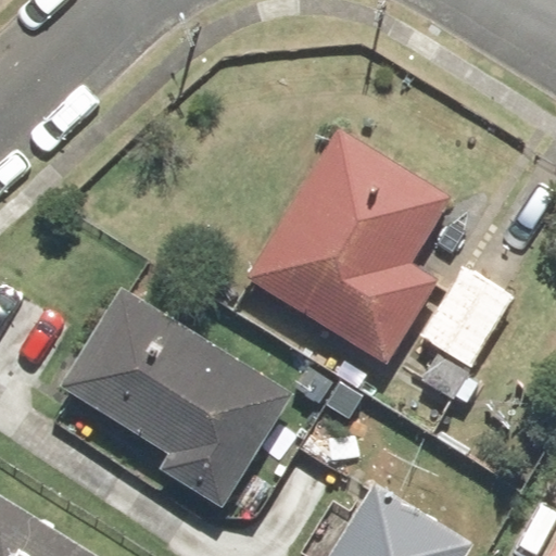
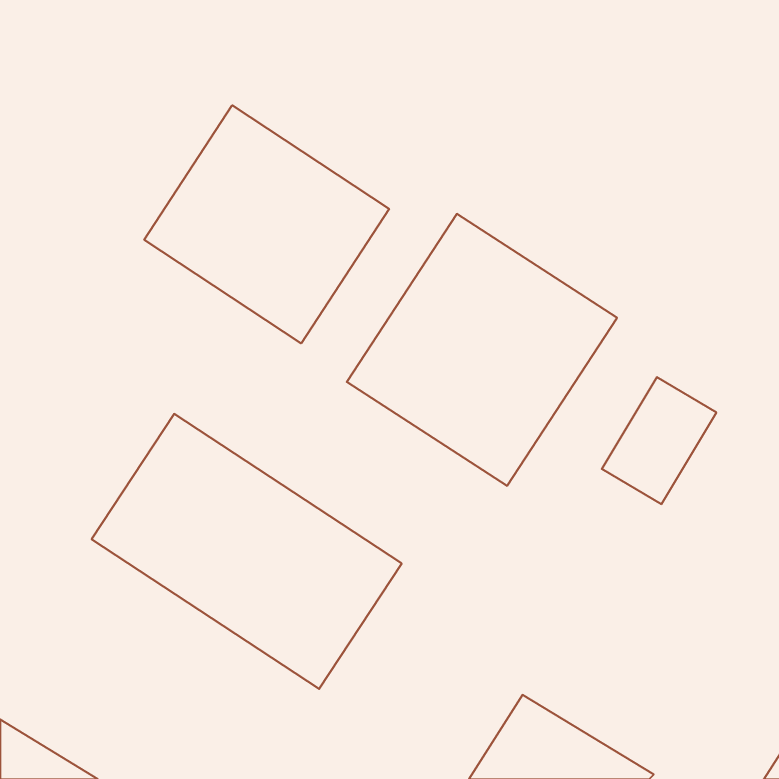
building: none -> [144,105,389,343]

